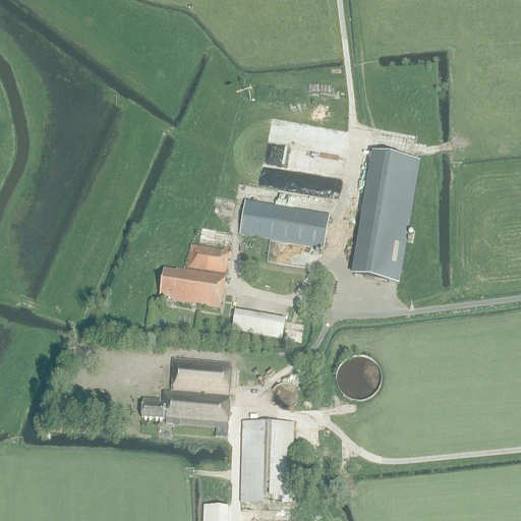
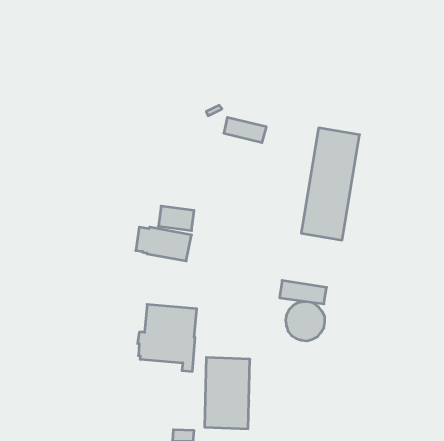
building: [237,197,328,245] -> none
building: [228,306,283,334] -> [280,280,327,304]
building: [140,395,163,416] -> none

